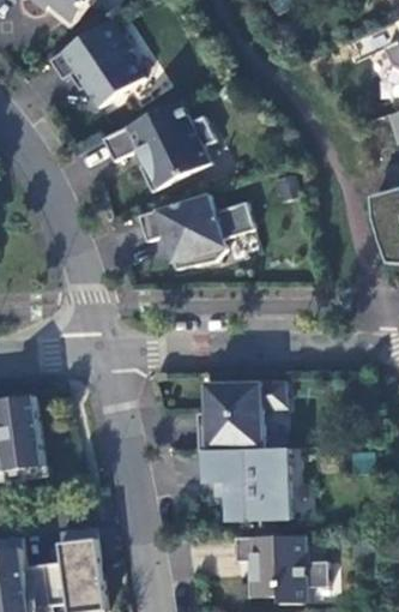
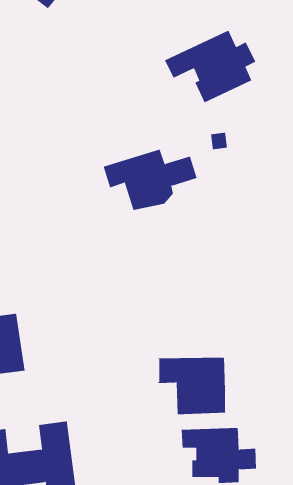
building: [50,19,145,107] -> none
building: [103,101,216,191] -> [164,30,256,103]
building: [198,382,288,450] -> none

